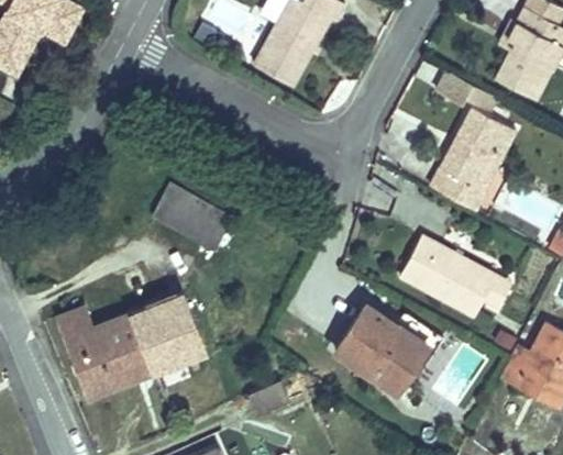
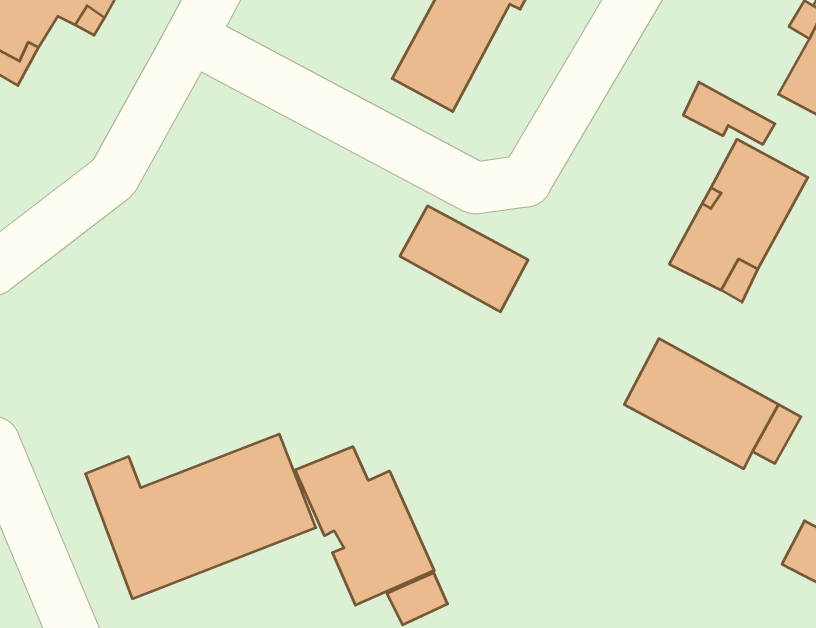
building: [152,185,233,252] -> [400,206,528,312]
building: none -> [295,447,434,605]
building: [331,304,441,391] -> none

